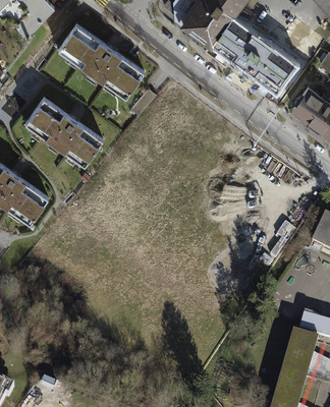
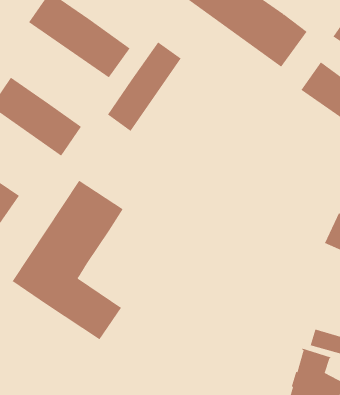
building: none -> [107,41,181,132]
building: none -> [12,180,124,340]

